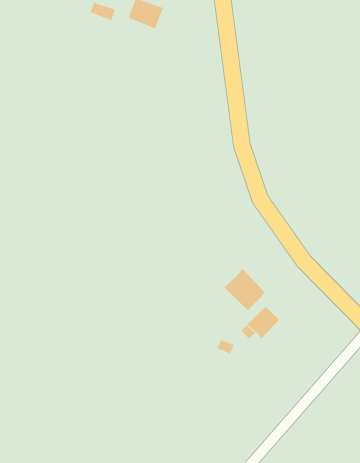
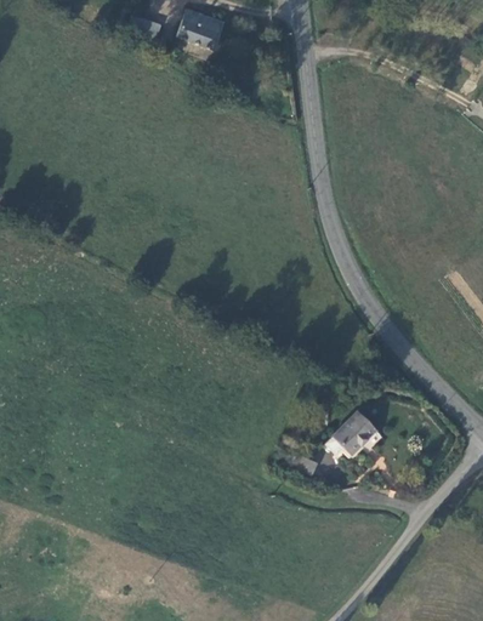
building: [223,268,266,311] -> none

